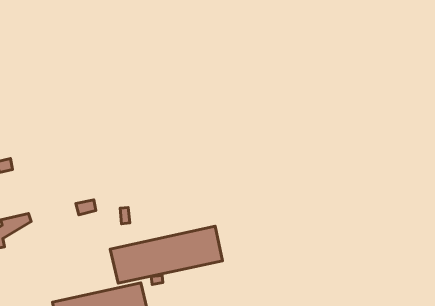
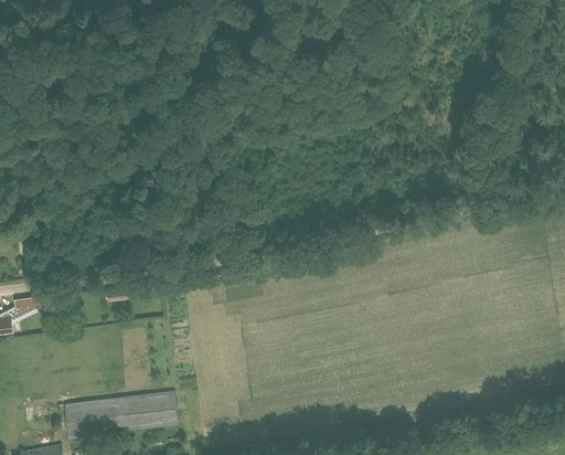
building: [110,226,222,283] -> none

